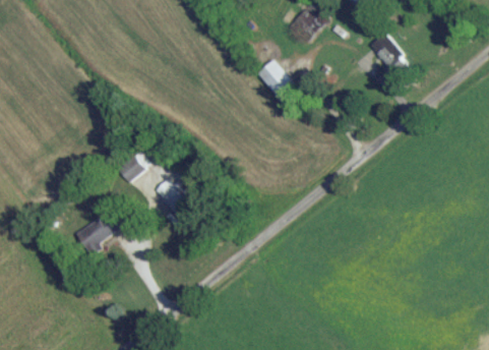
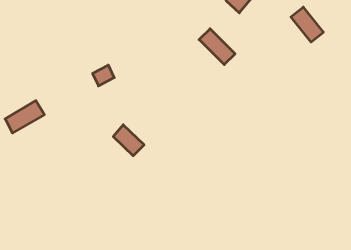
building: [117,156,143,181] -> [93,65,114,86]
building: [75,210,123,249] -> [5,101,44,133]

